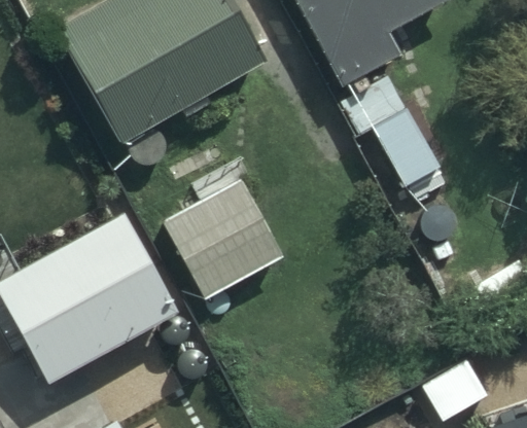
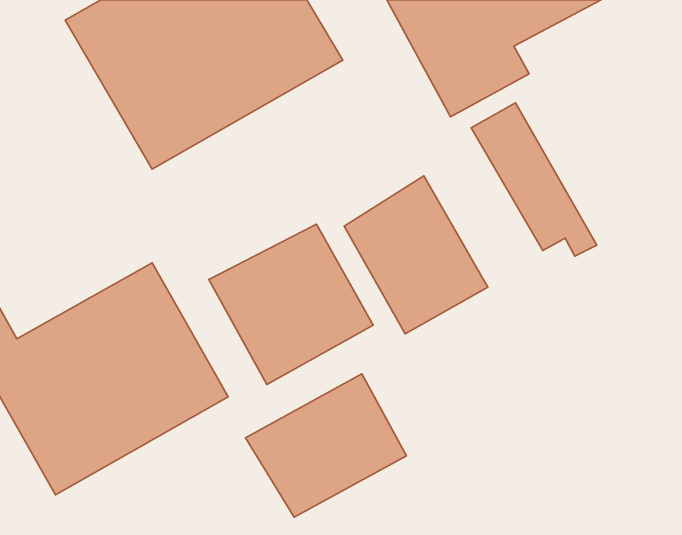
building: none -> [344,176,488,334]
building: none -> [246,374,407,517]

